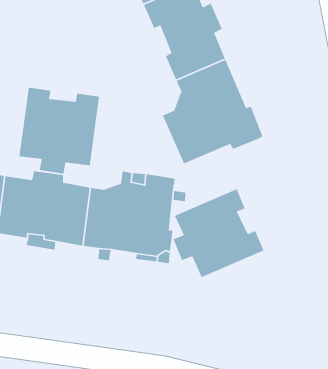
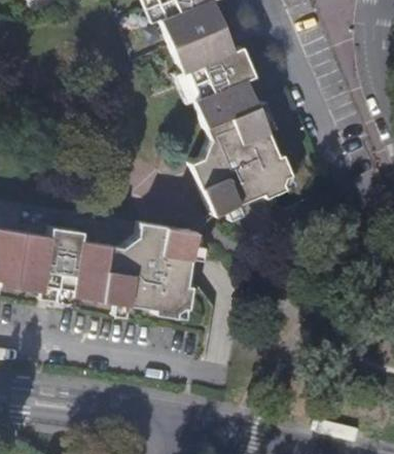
building: [19,87,100,174] -> none
building: [172,188,264,278] -> none

